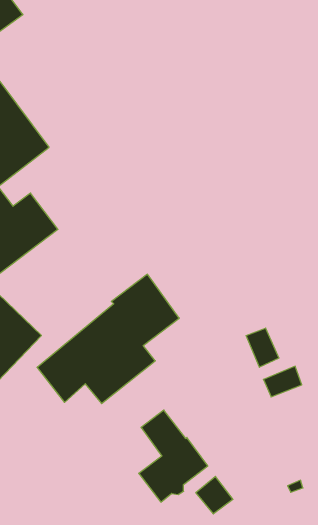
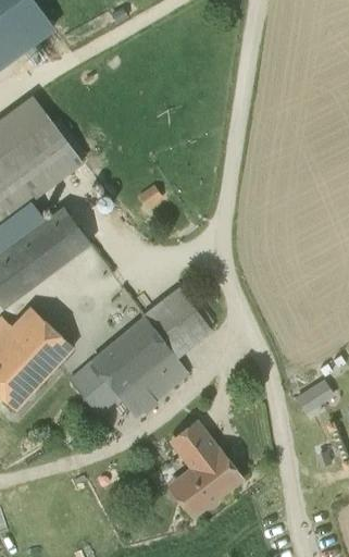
building: [246,328,279,367] -> none
building: [196,476,233,514] -> none

